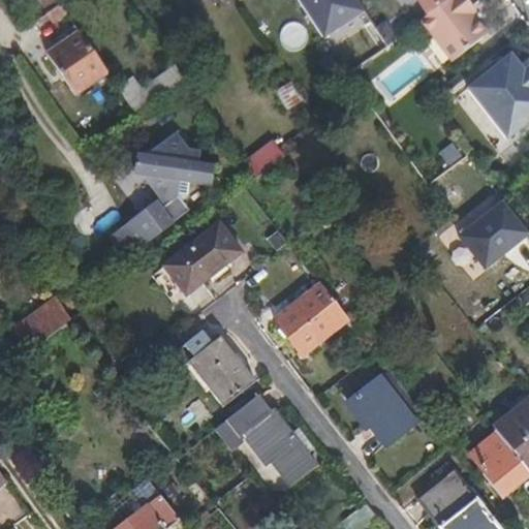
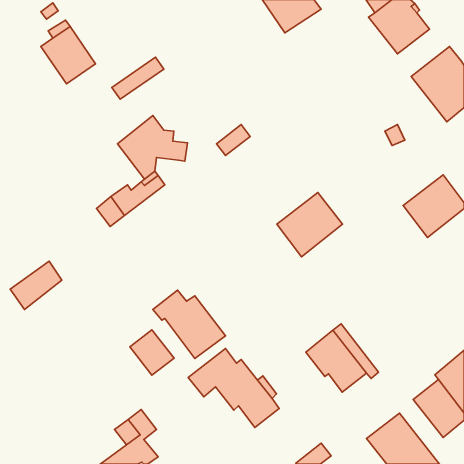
building: [163,222,242,294] -> none
building: [274,283,348,356] -> [277,192,342,257]
building: none -> [130,330,174,375]

